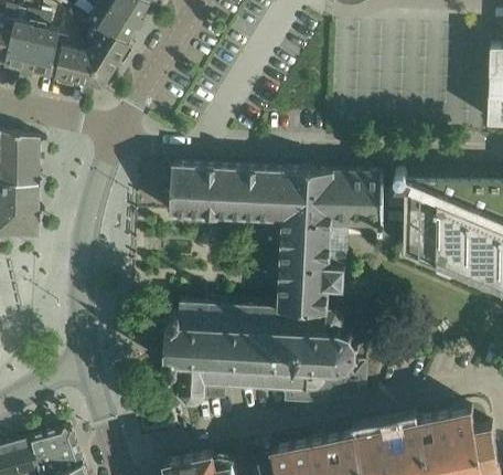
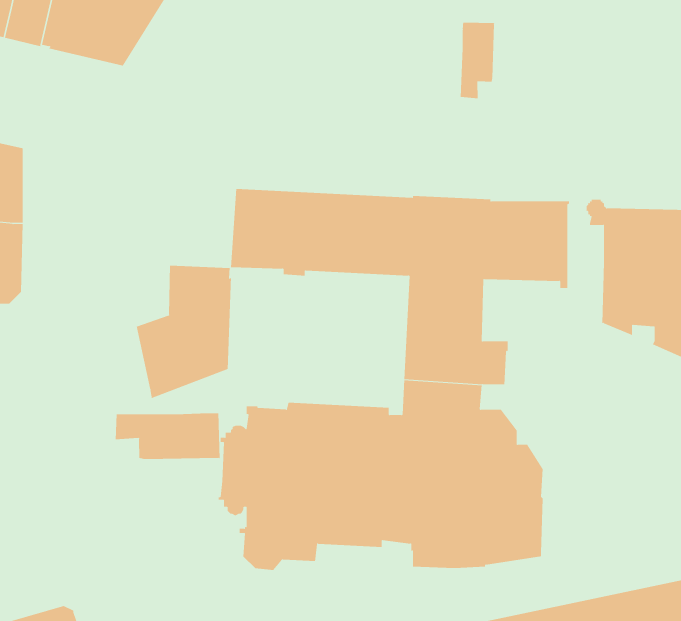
building: none -> [460,22,495,99]
building: none -> [136,265,232,399]
building: none -> [115,413,220,460]

